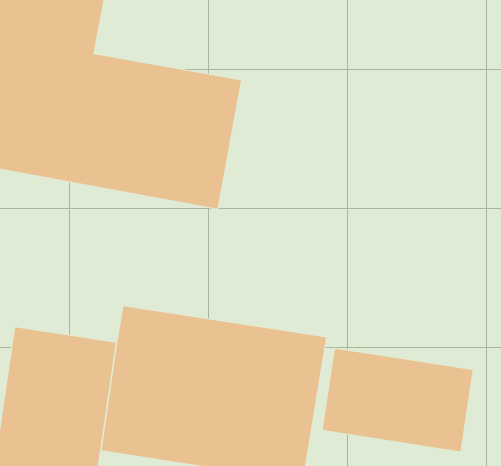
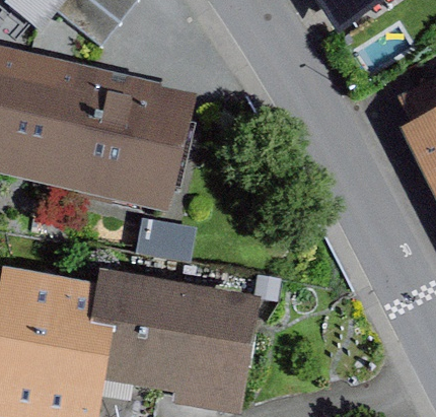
building: [322,348,473,452] -> none

